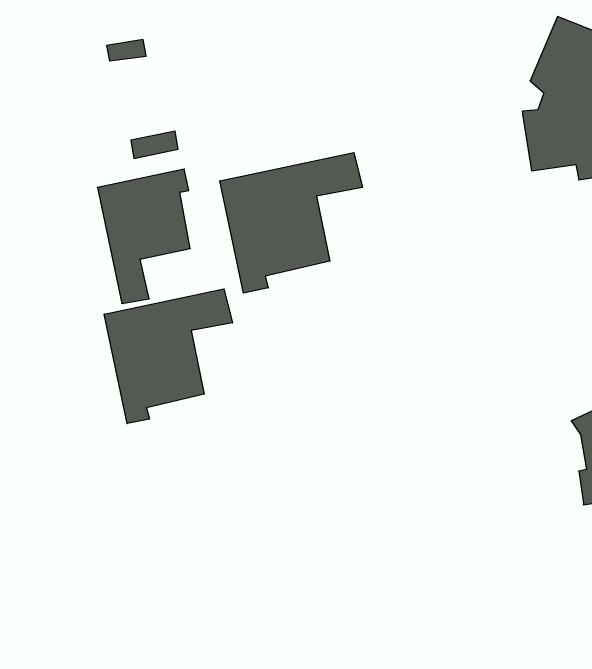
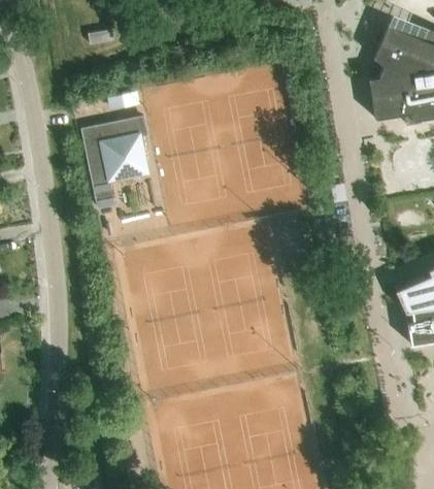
building: [220,153,363,293] -> none
building: [104,289,232,424] -> none

